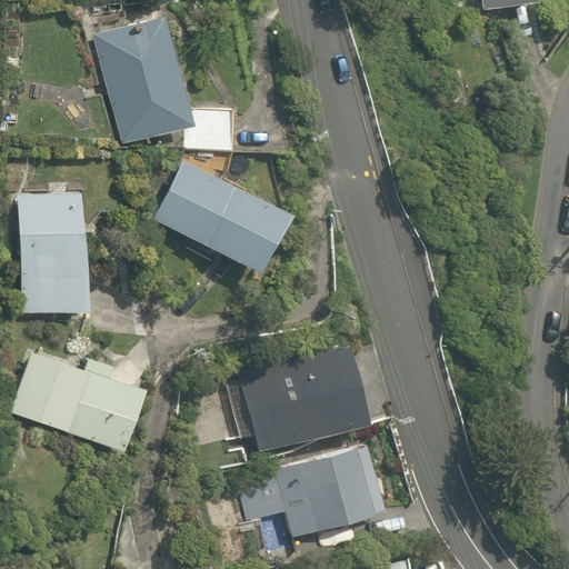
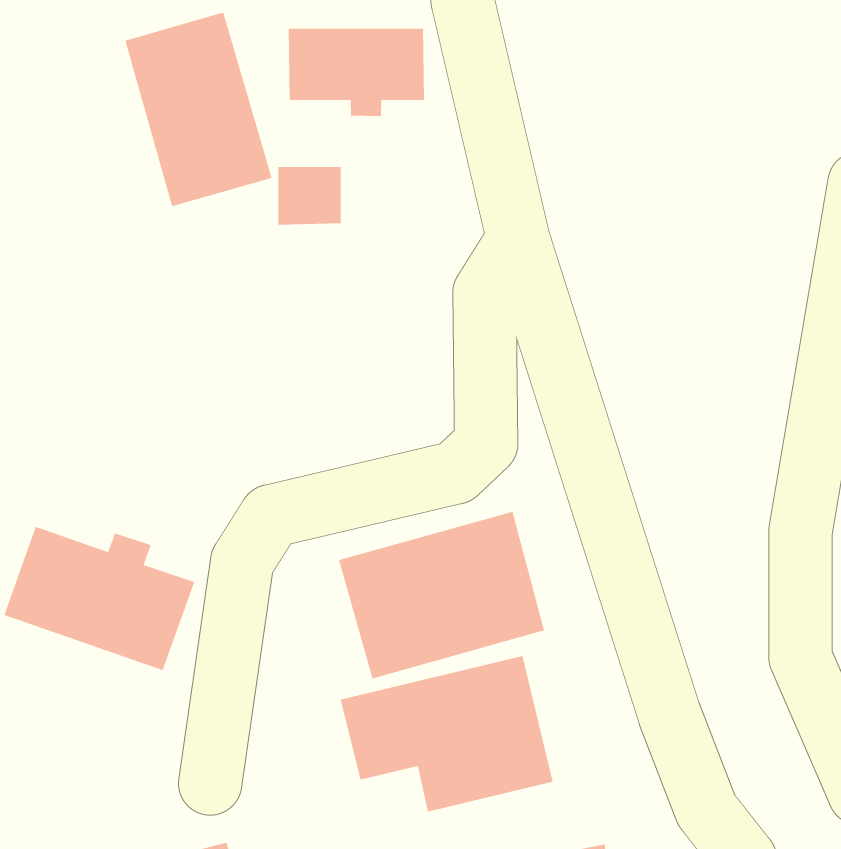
building: none -> [288,28,424,117]
building: [154,162,283,273] -> none
building: [20,197,88,312] -> none

